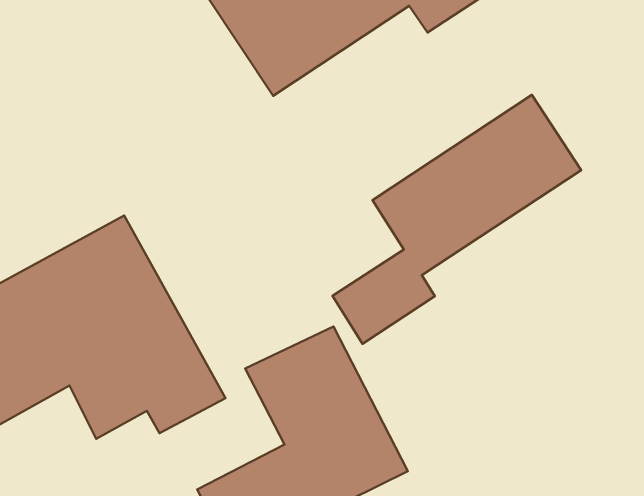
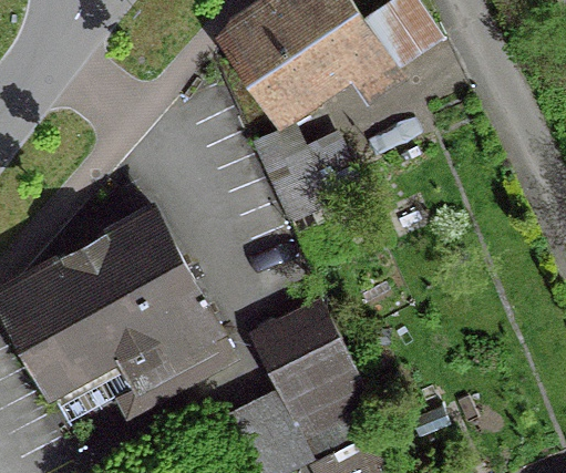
building: [333,95,581,344] -> none

